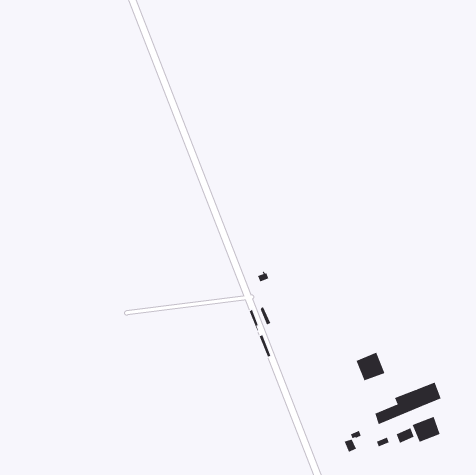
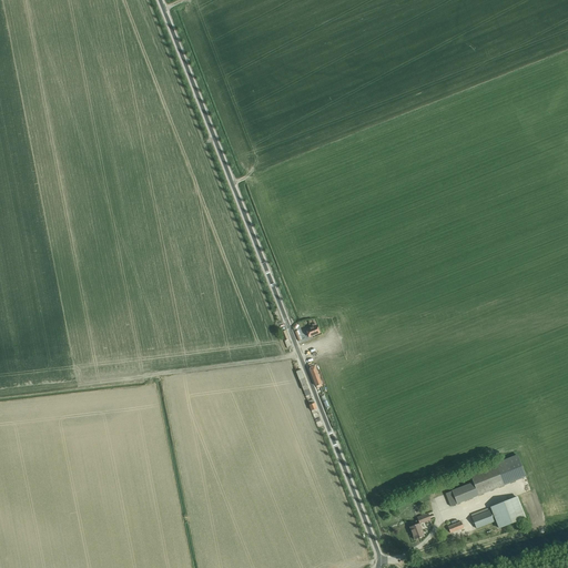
building: [356,352,385,381] -> none

